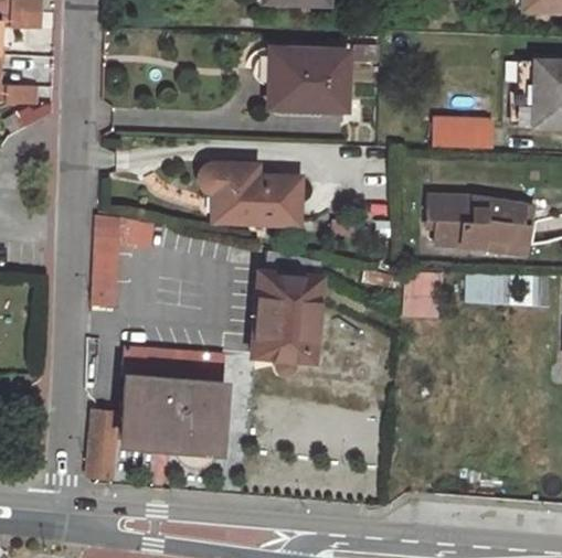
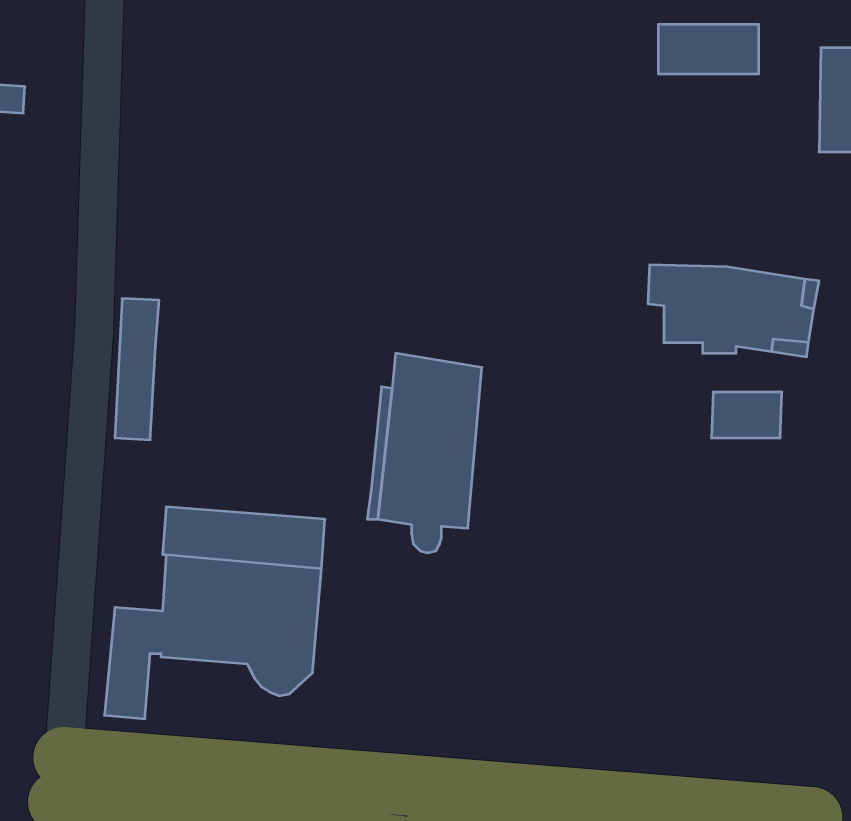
building: [256,49,349,109] -> none
building: [433,117,496,148] -> [658,24,759,74]
building: [201,164,299,223] -> none

